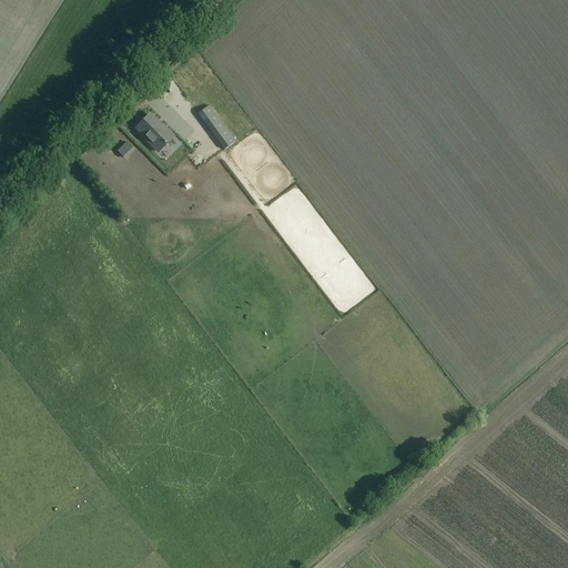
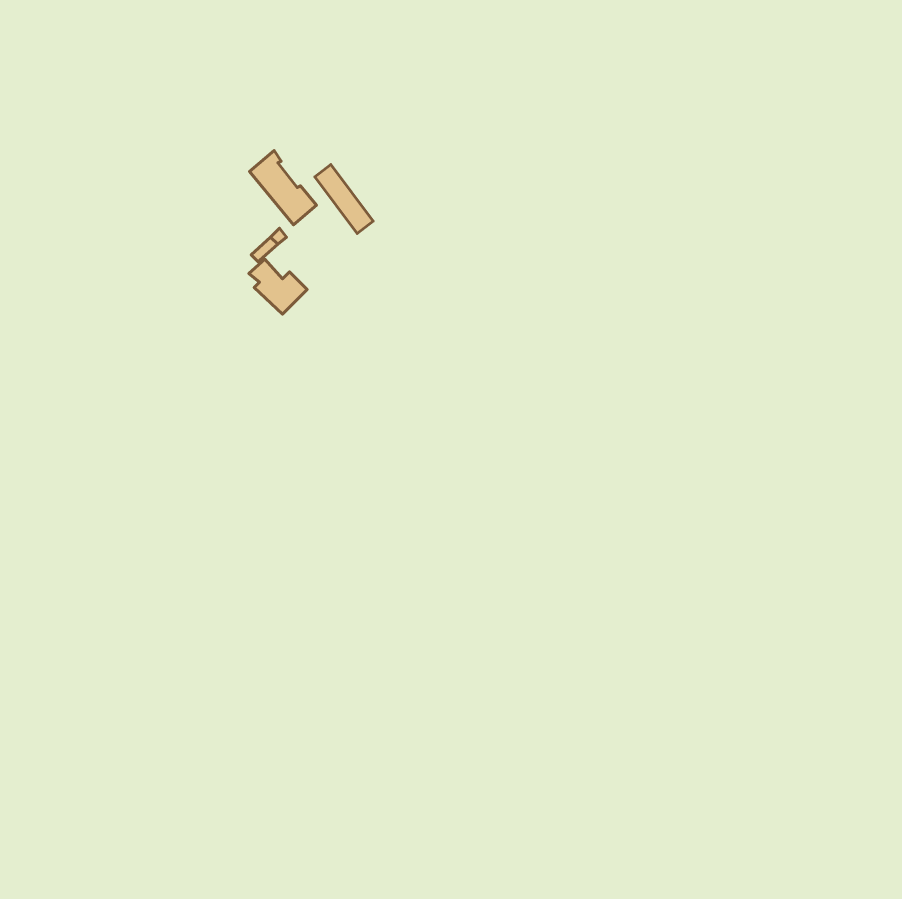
building: [136,115,173,150] -> [249,259,307,314]

